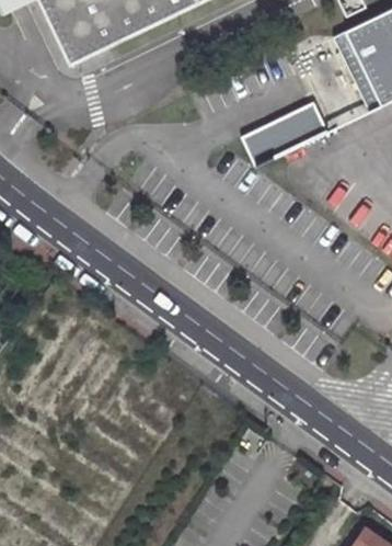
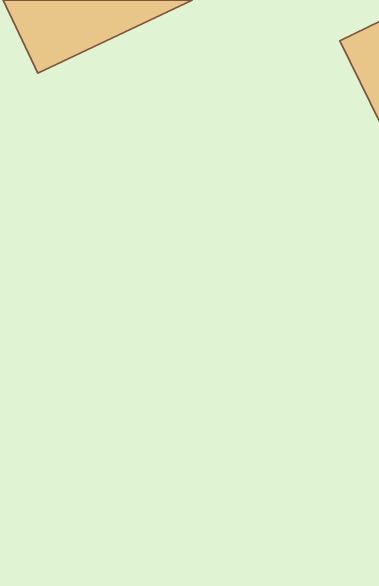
building: [243,102,330,164] -> none

